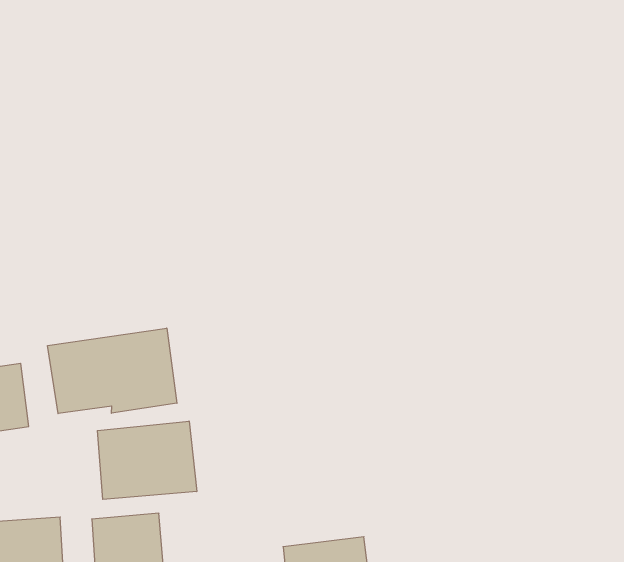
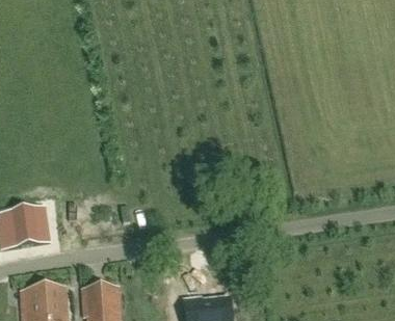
building: [48,328,177,414] -> none
building: [97,421,197,499] -> none

